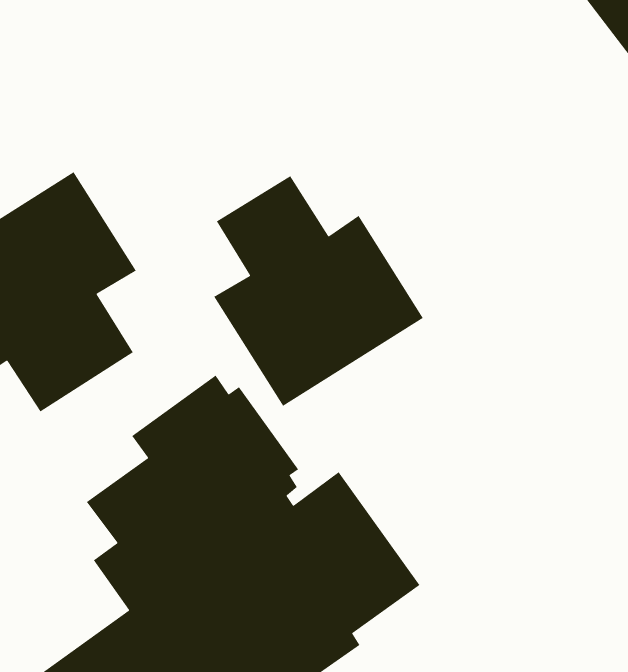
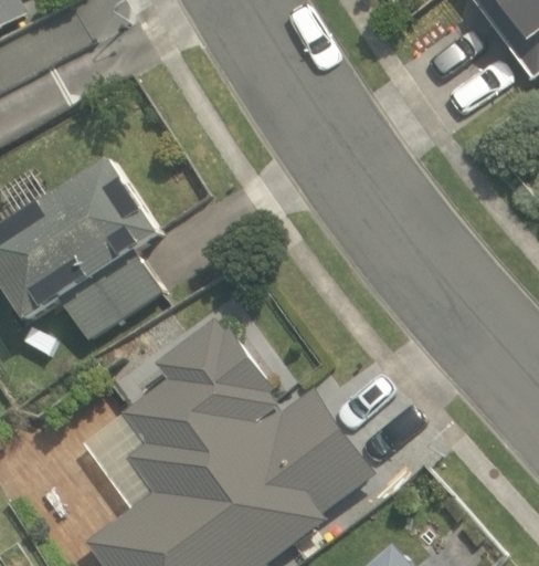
building: [213,175,424,407] -> none

